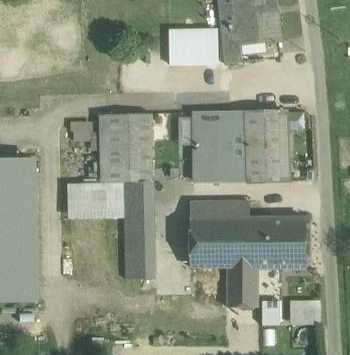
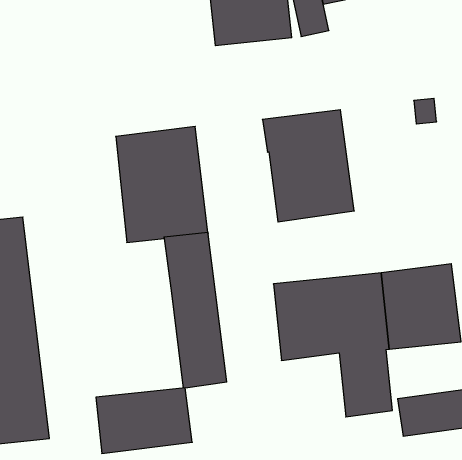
building: [244,111,287,182] -> none
building: [67,182,125,218] -> [96,388,192,453]
building: [190,200,249,218] -> none

